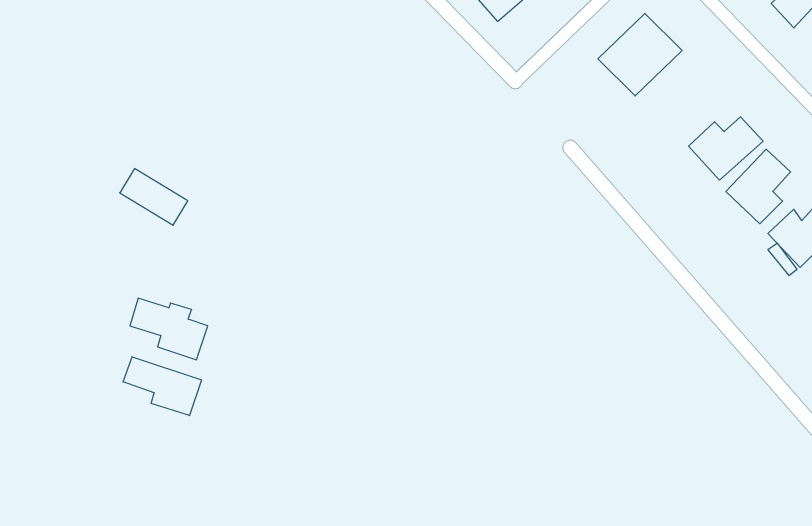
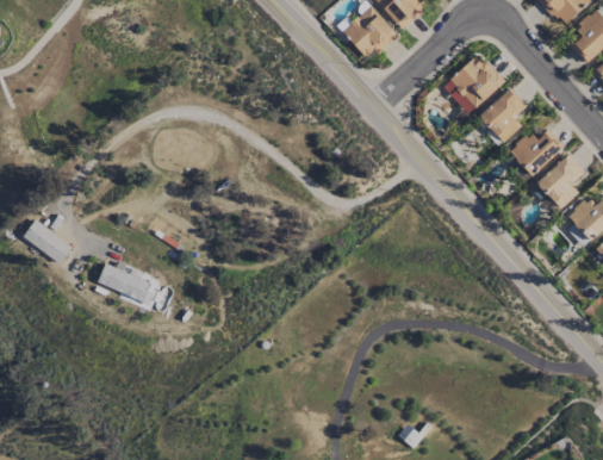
building: none -> [479,86,527,142]
building: [120,169,188,225] -> [23,219,73,261]
building: [123,357,202,416] -> none

